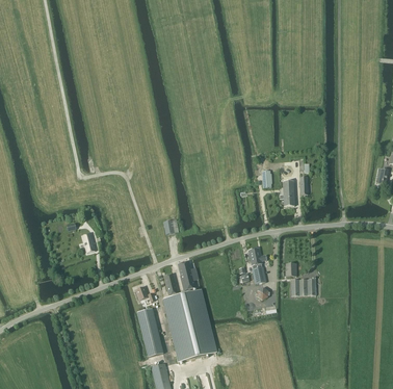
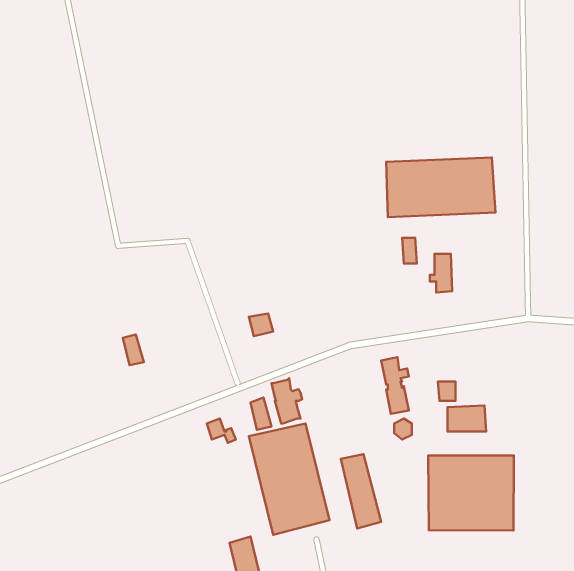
building: none -> [386,157,495,217]
building: [137,308,163,356] -> [341,454,381,528]
building: none -> [428,456,514,531]

